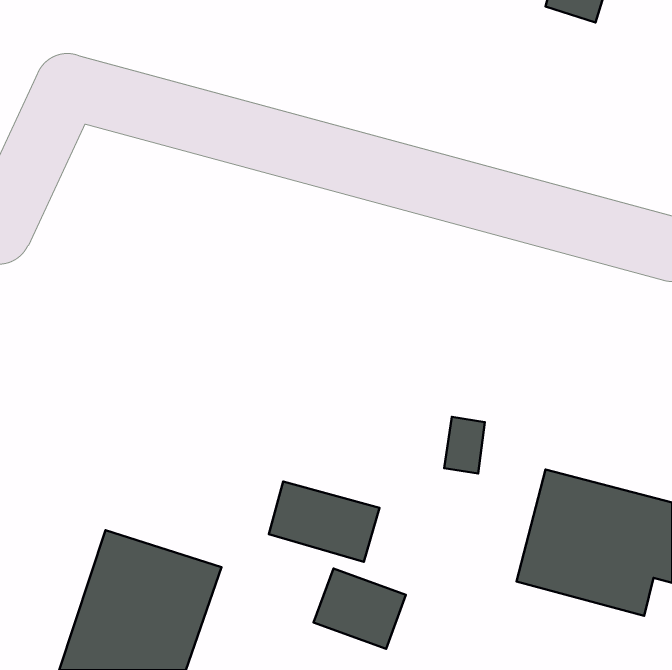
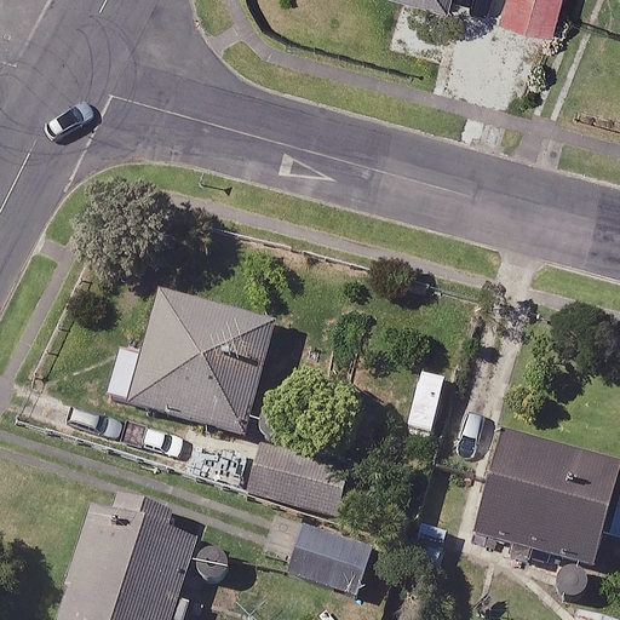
building: none -> [110,291,272,432]

